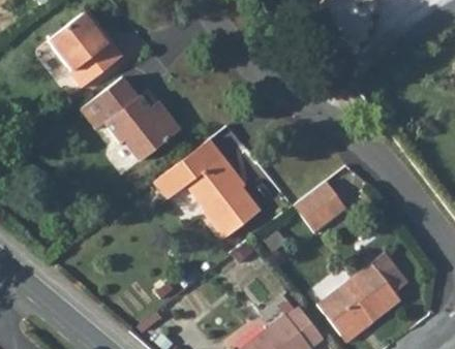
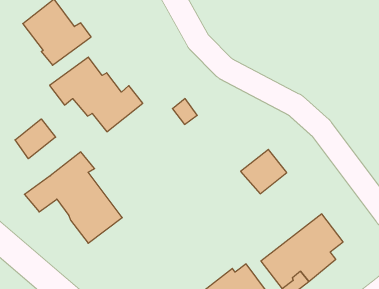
building: [148,138,257,241] -> [24,152,122,243]
building: none -> [15,119,56,159]

